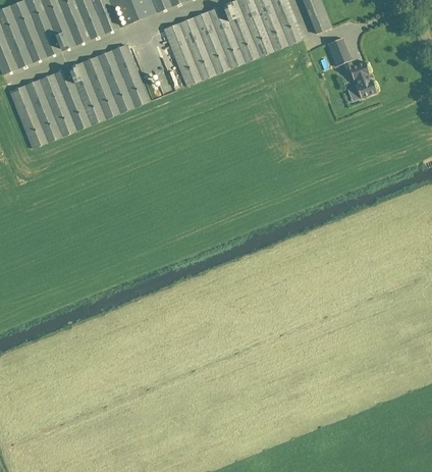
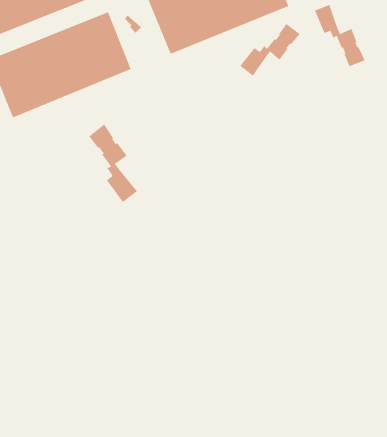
building: none -> [240,23,301,77]
building: none -> [88,124,138,203]

